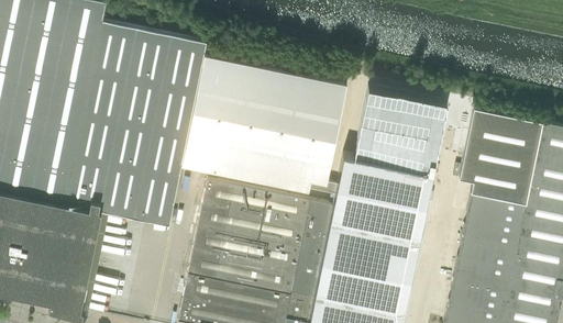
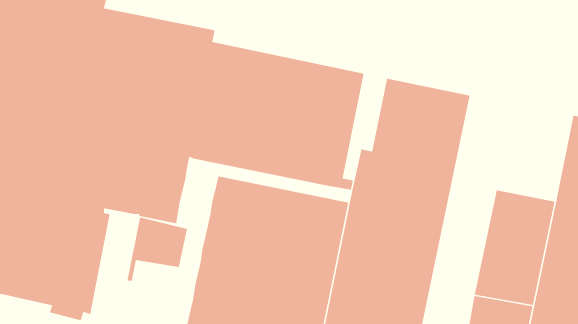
building: [459,110,542,205] -> none
building: none -> [126,217,188,281]

